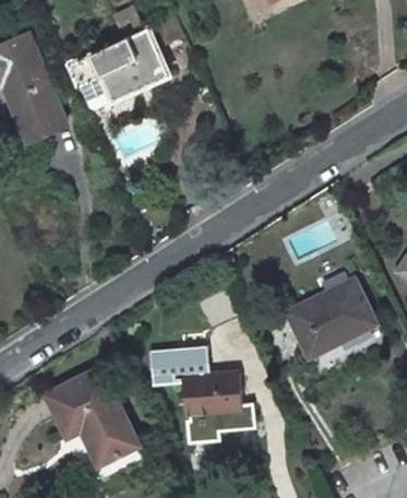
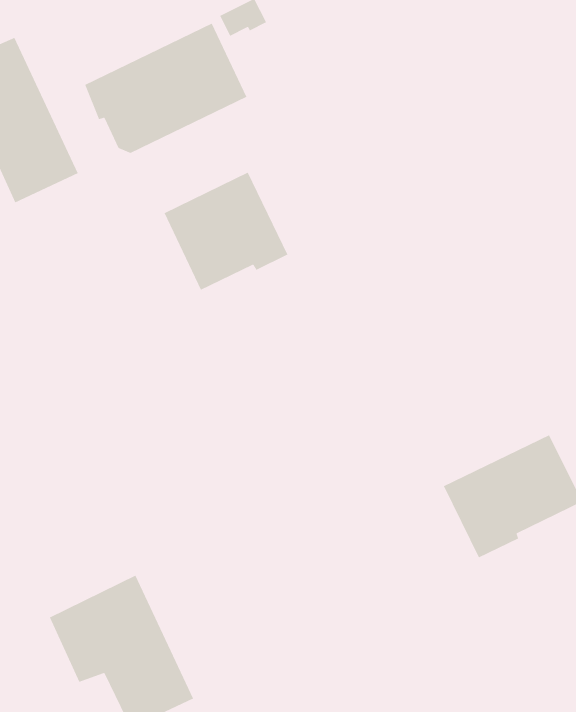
building: none -> [163,171,289,291]
building: [149,343,254,444] -> none

